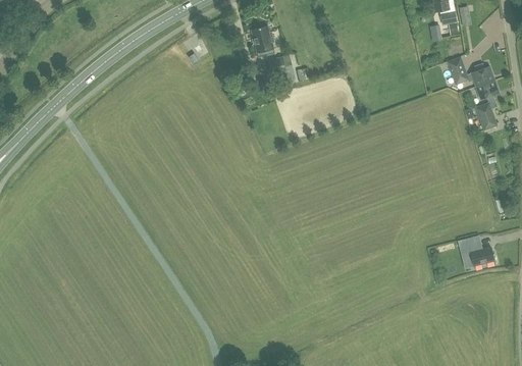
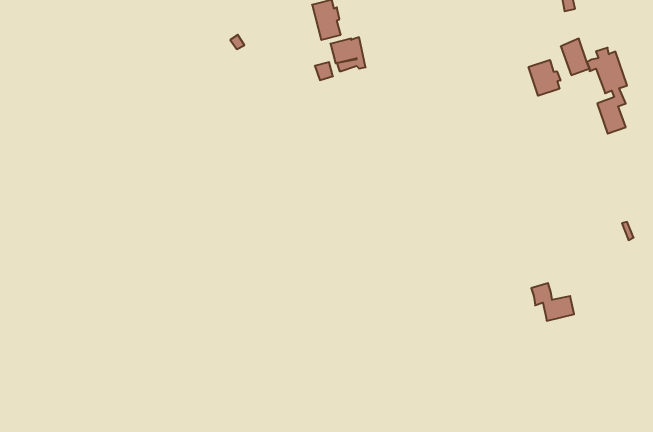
building: none -> [529,60,560,96]
building: [460,236,493,265] -> [531,283,574,321]

